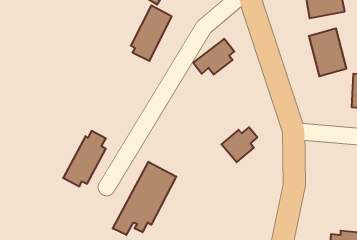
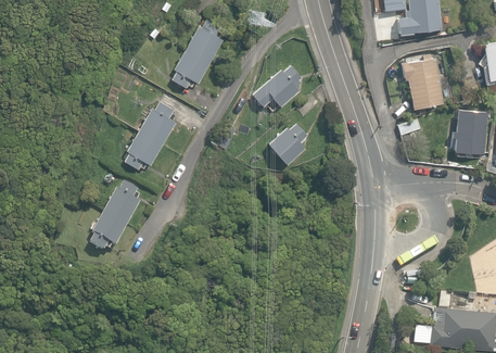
building: none -> [124,102,180,173]
building: [221,127,257,162] -> [266,122,311,166]
building: [113,162,176,235] -> none

